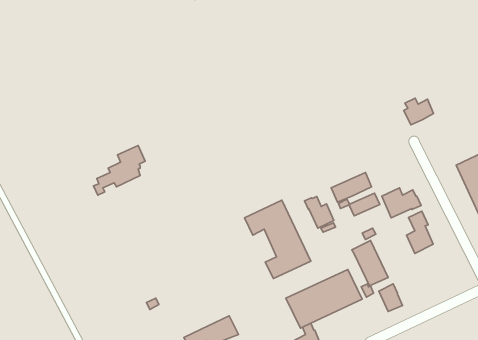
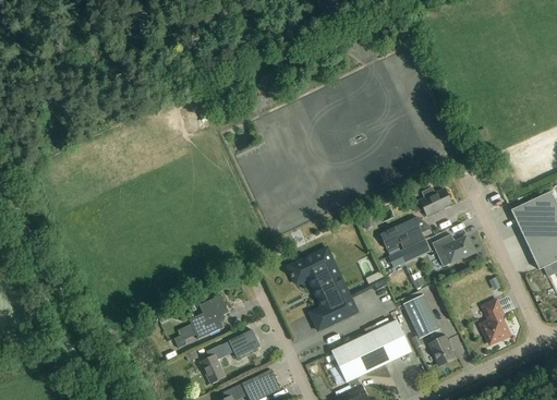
building: [404,98,434,125] -> [420,186,451,215]
building: [94,146,145,195] -> [174,294,229,347]
building: [304,197,334,228] -> none
building: [406,211,433,254] -> [481,299,509,343]
building: none -> [201,328,261,383]

